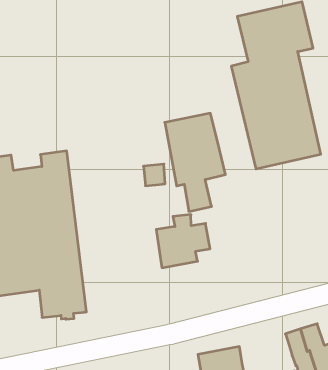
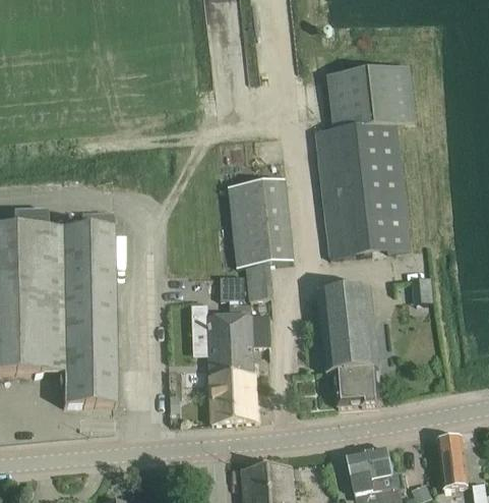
building: [143,164,165,186] -> [221,275,245,298]
building: none -> [317,284,380,405]
building: none -> [209,357,256,423]

